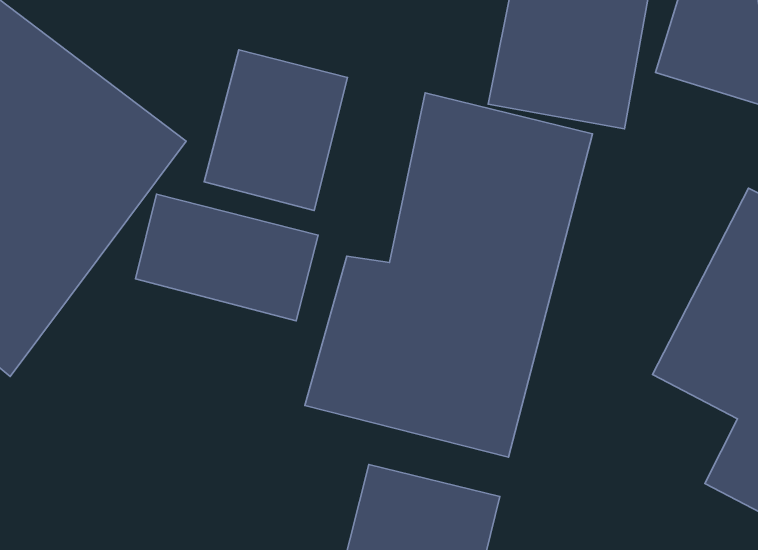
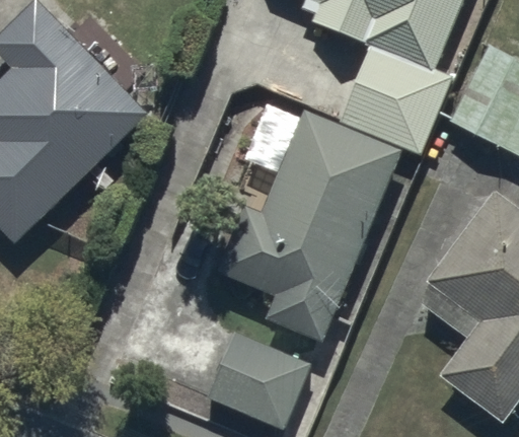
building: [204,50,348,210] -> none
building: [135,194,318,321] -> none

